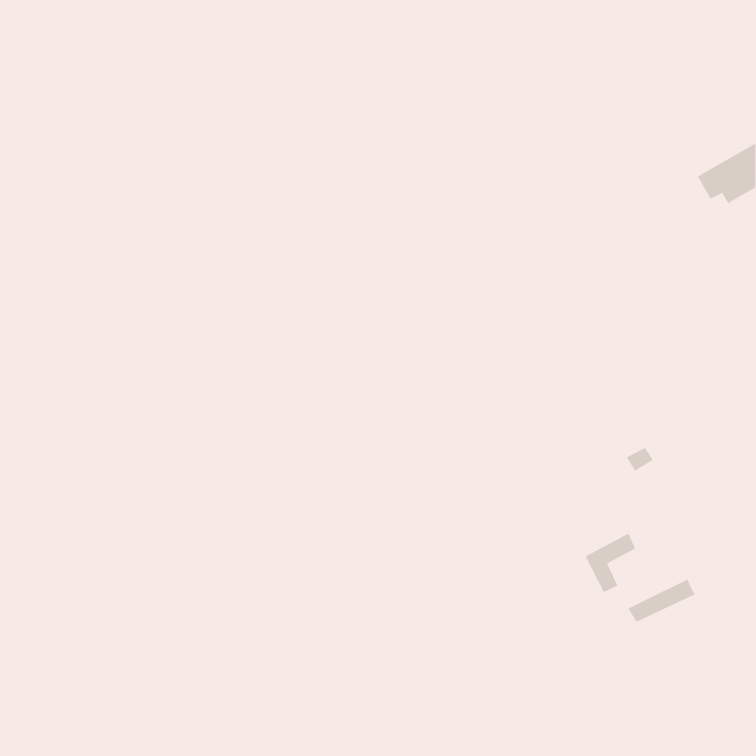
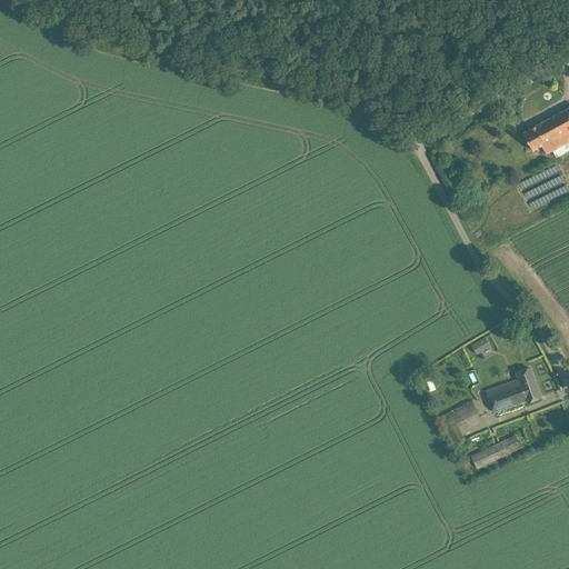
building: none -> [486,368,541,412]

